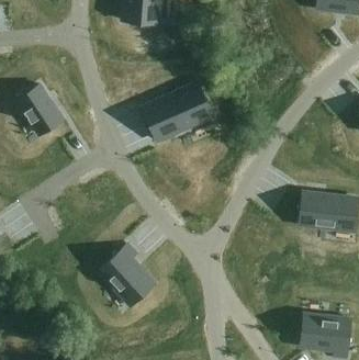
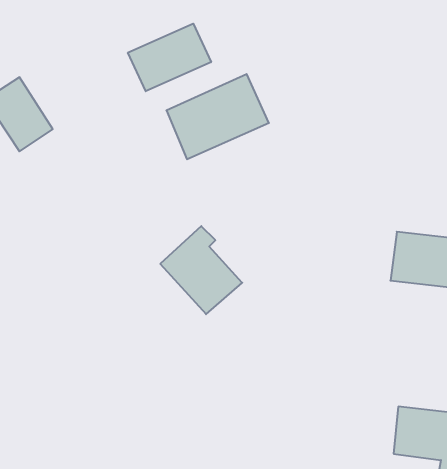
building: none -> [128,24,211,91]
building: [100,244,157,305] -> [160,226,242,314]

